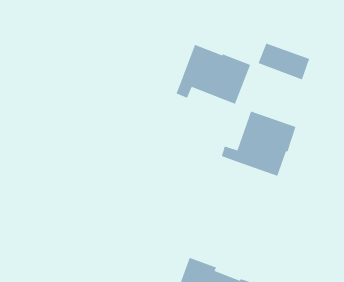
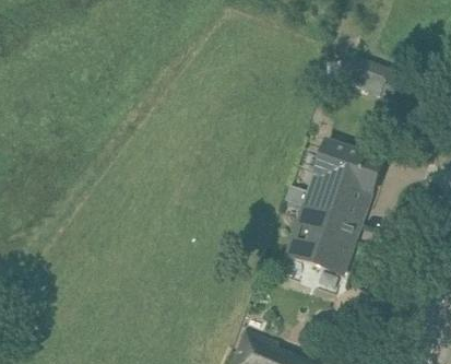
building: [175,44,251,105] -> none
building: none -> [285,207,360,278]

